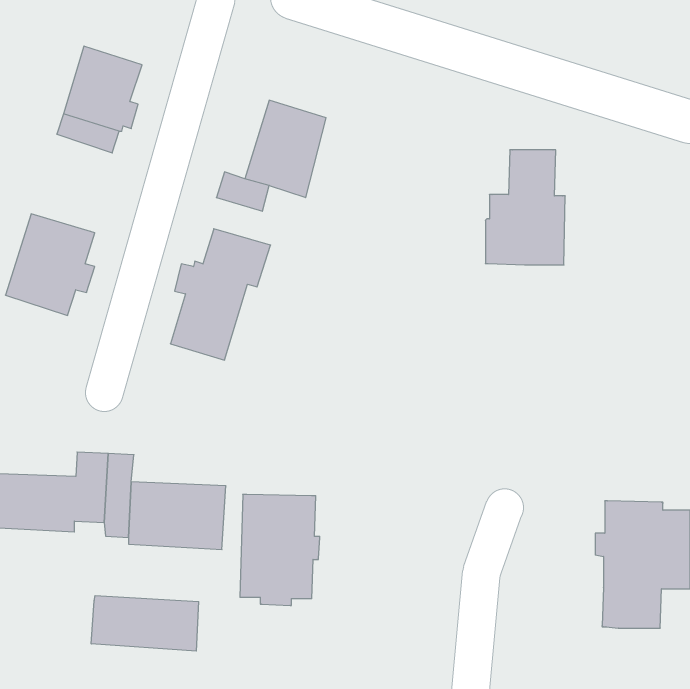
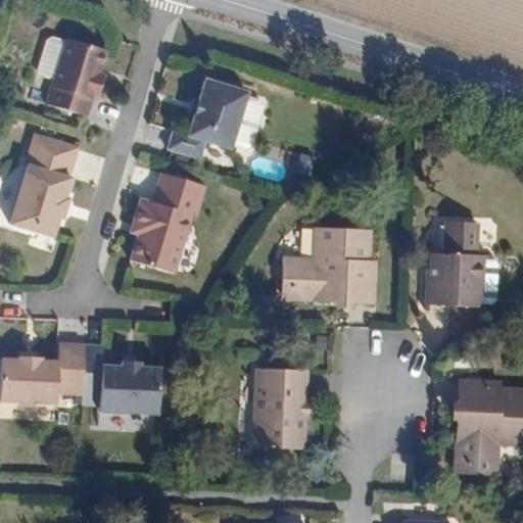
building: [485,150,565,265] -> [427,220,487,306]
building: none -> [23,132,77,175]
building: none -> [282,226,378,307]
building: [240,494,320,605] -> [251,367,312,450]
building: [91,596,199,651] -> none

